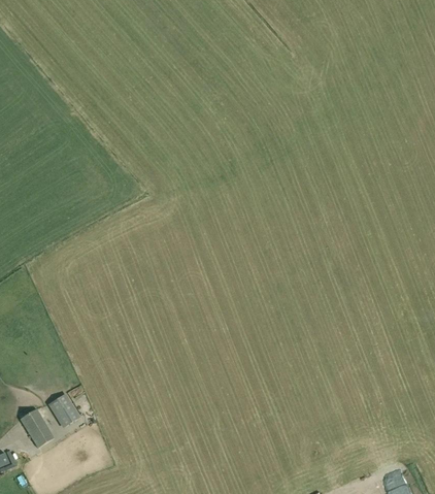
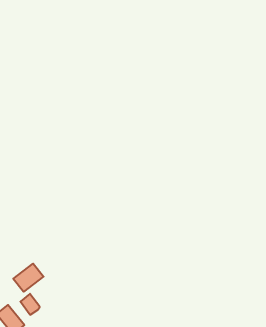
building: none -> [13,264,44,292]

